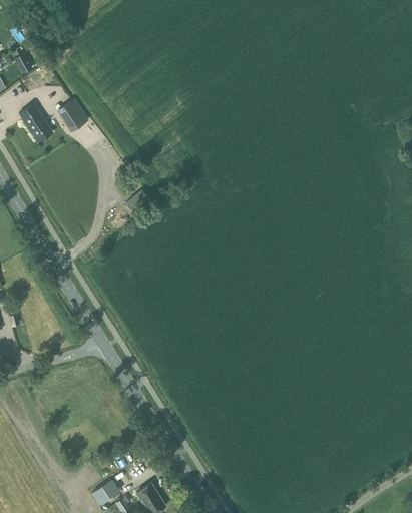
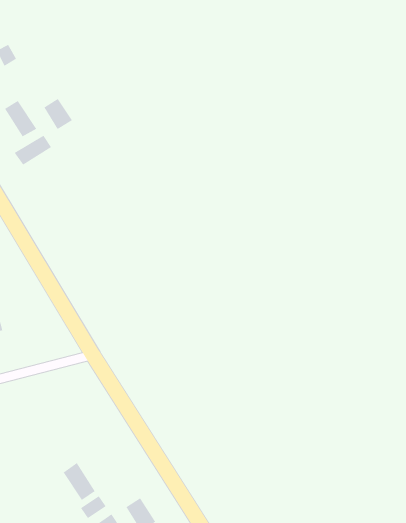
building: none -> [14,135,52,166]
building: none -> [63,462,95,501]

